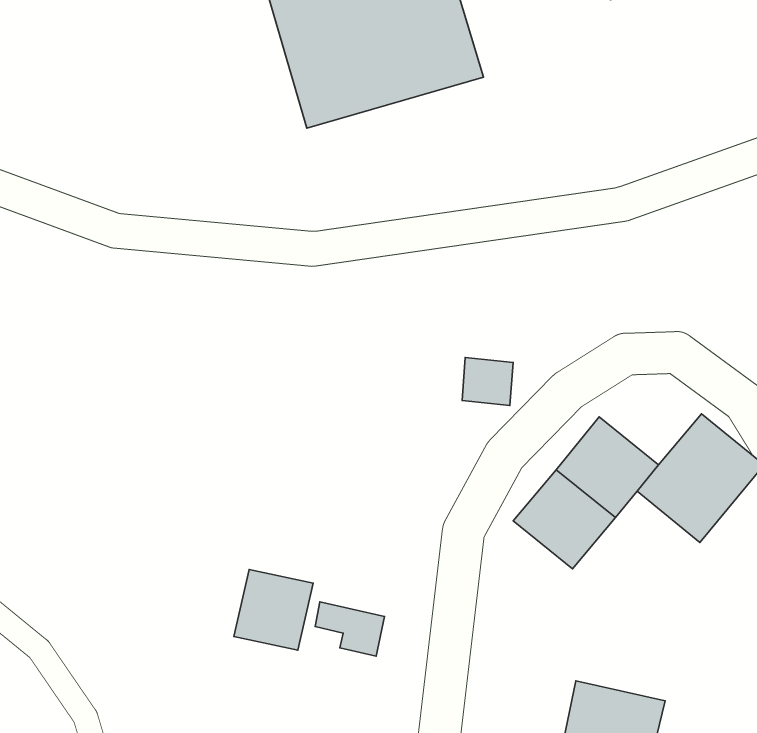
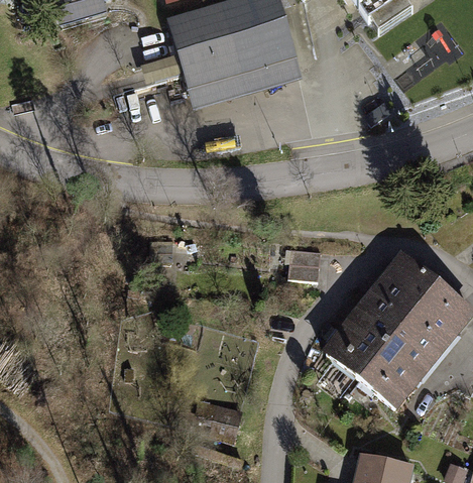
building: none -> [373,255,436,316]
building: none -> [357,332,435,411]
building: [234,570,313,650] -> none

